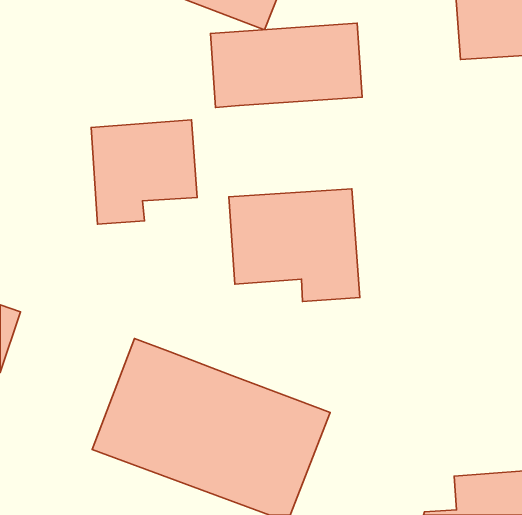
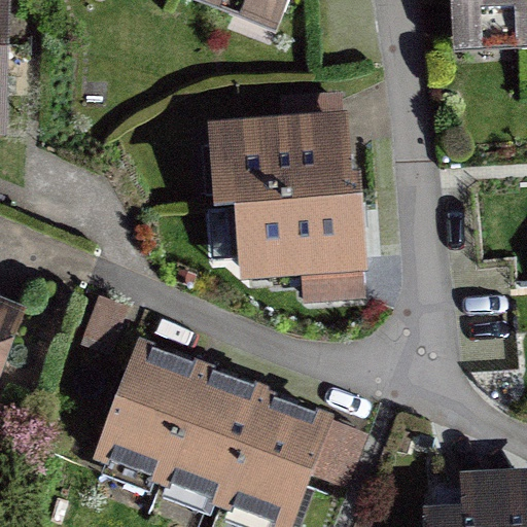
building: [210,23,362,107] -> [203,115,355,200]
building: [91,120,197,224] -> none

